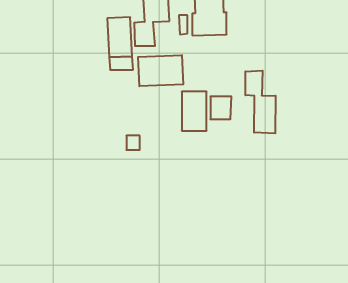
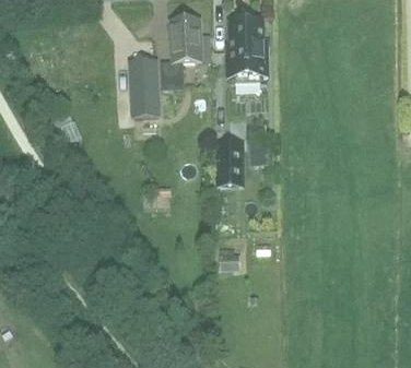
building: [138,55,183,86] -> none
building: [245,71,276,133] -> none

